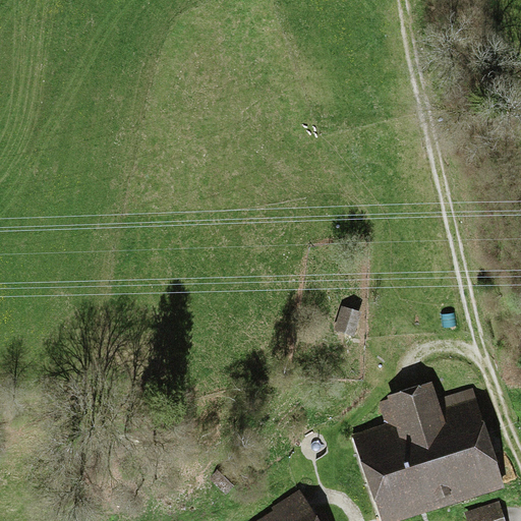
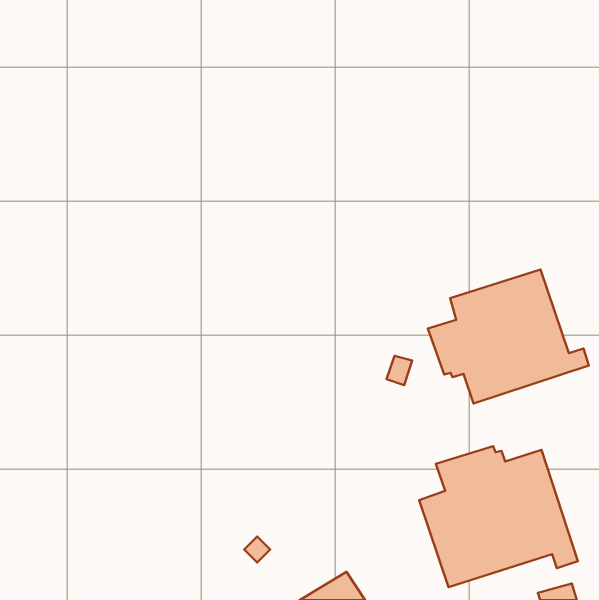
building: none -> [428,269,589,403]

